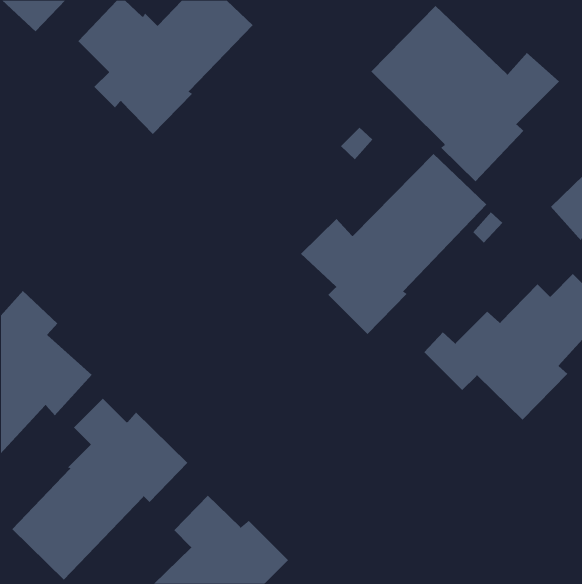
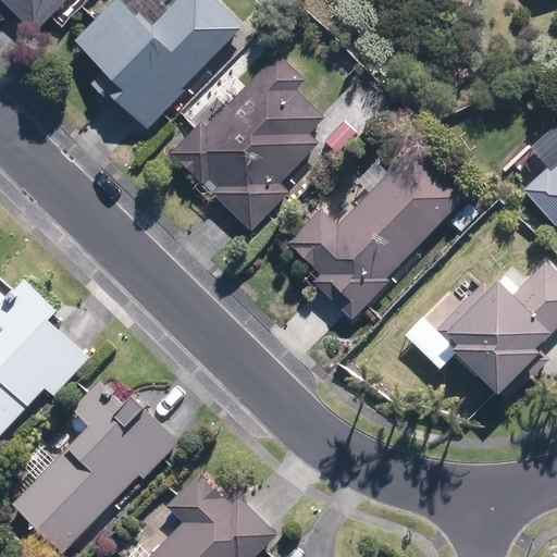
building: [370,5,560,182] -> none
building: none -> [170,52,324,231]

